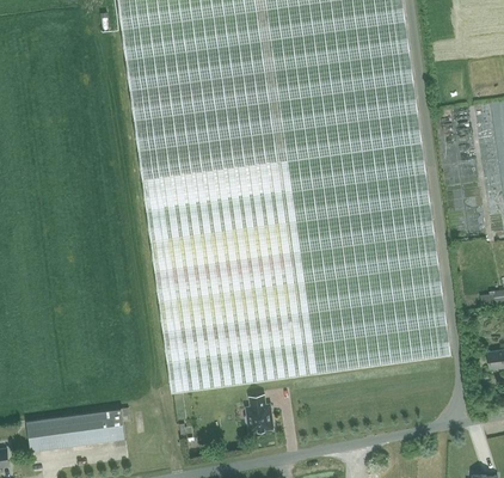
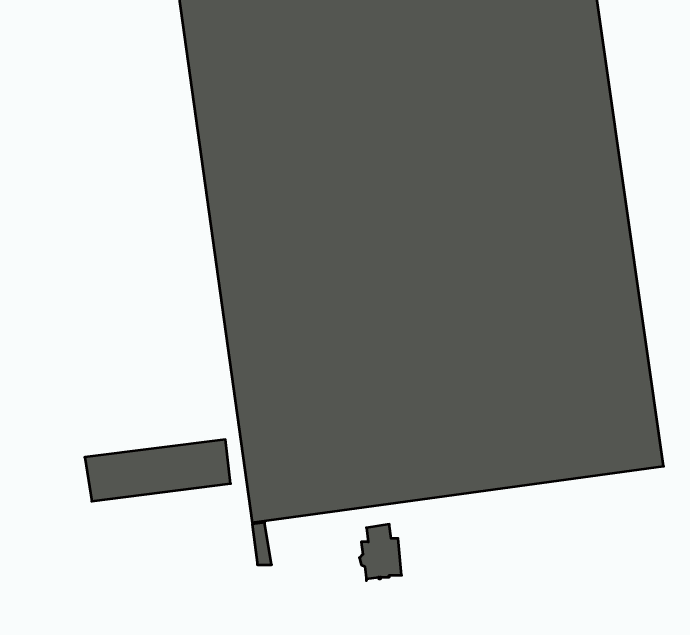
building: [26,409,125,451] -> [85,440,231,501]

